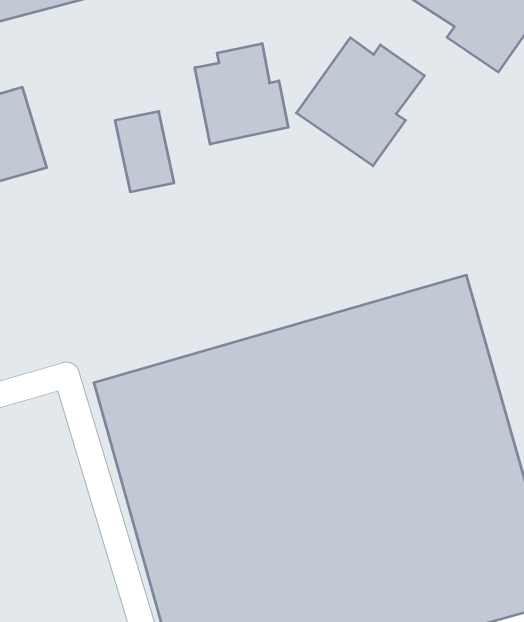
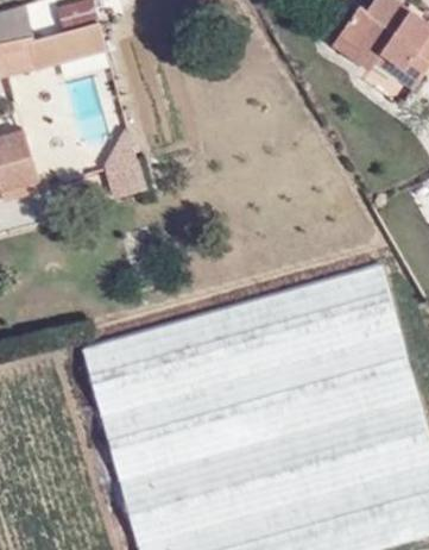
building: [296,38,424,166] -> none
building: [195,43,288,144] -> none

